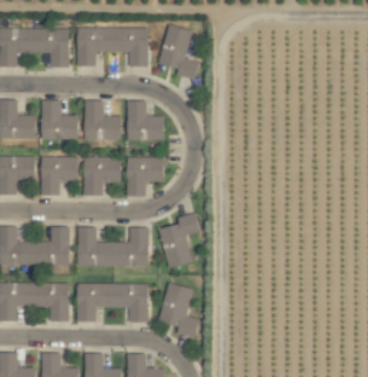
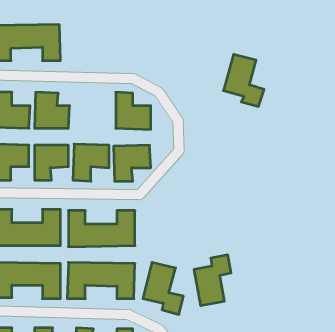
building: [156,24,199,80] -> [223,54,264,106]
building: [76,28,147,66] -> none
building: [83,100,122,139] -> none
building: [159,213,199,267] -> [194,255,231,306]

